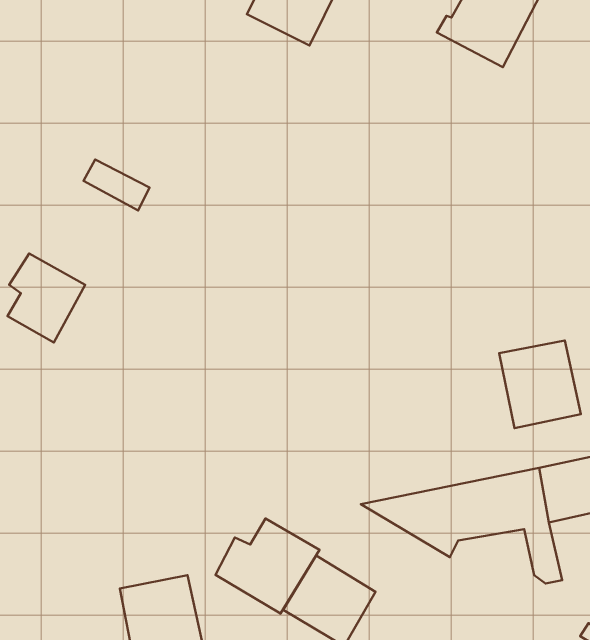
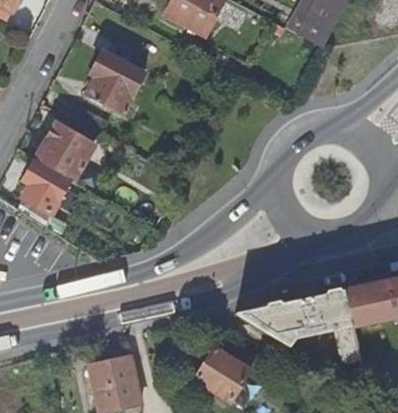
building: none -> [86,51,145,113]
building: none -> [37,125,95,182]
building: [499,341,581,428] -> none
building: [215,518,320,614] -> none

